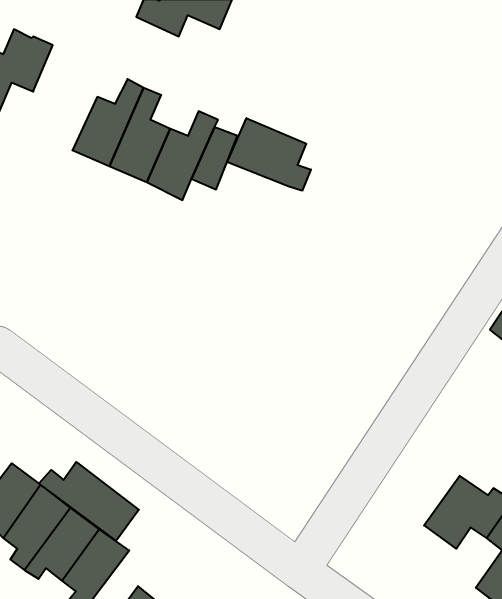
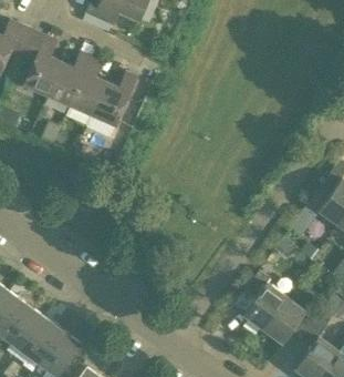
building: none -> [23,35,62,95]
building: [227,118,311,191] -> none
building: none -> [243,272,288,329]
building: [39,462,139,541] -> none

